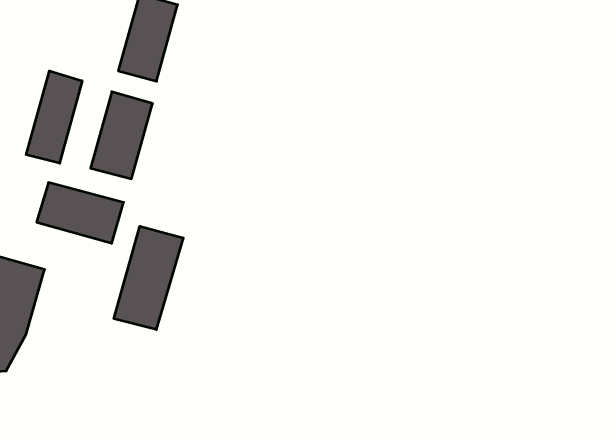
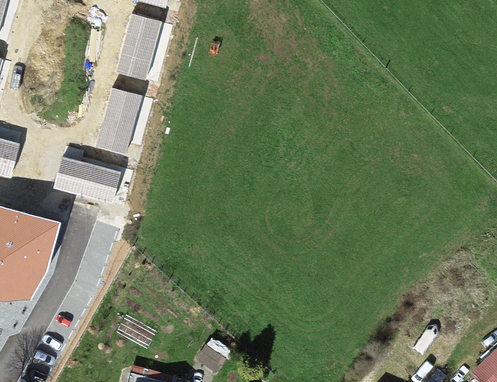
building: [26,71,82,163] -> none
building: [114,226,183,330] -> none

